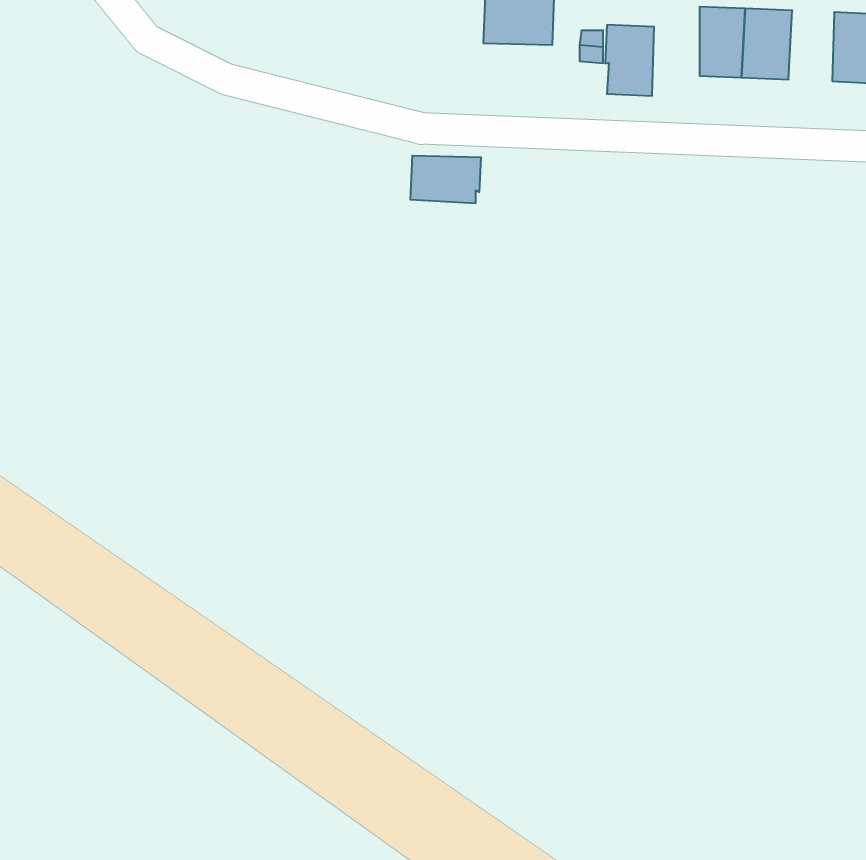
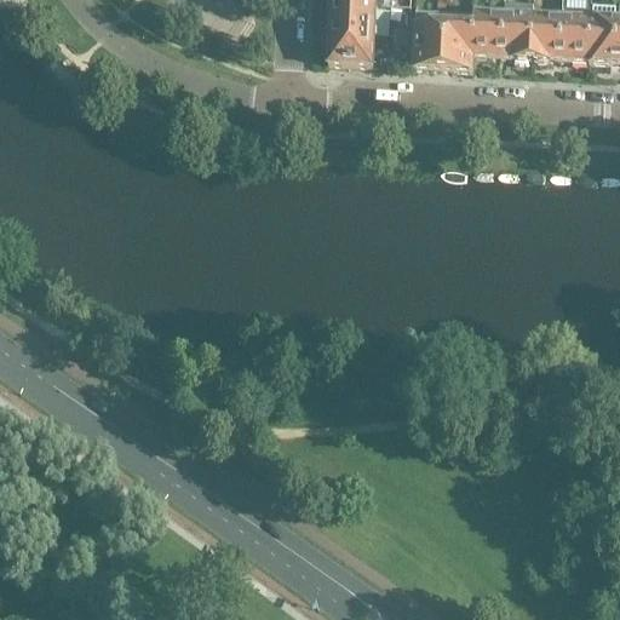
building: none -> [533,7,563,54]
building: none -> [442,18,473,65]
building: [410,156,481,203] -> [328,29,375,61]

